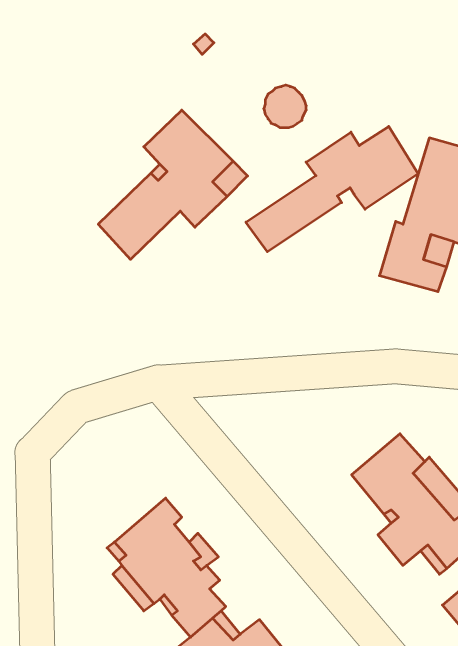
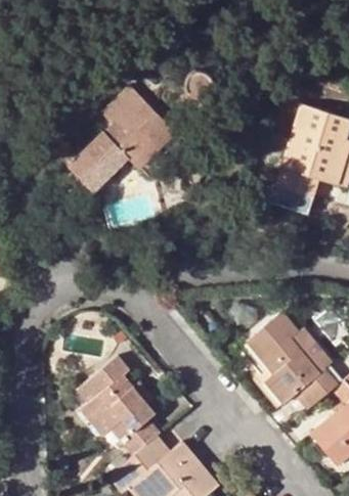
building: [246,126,418,252] -> none

